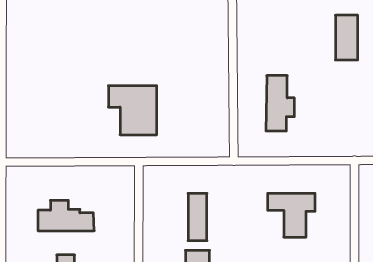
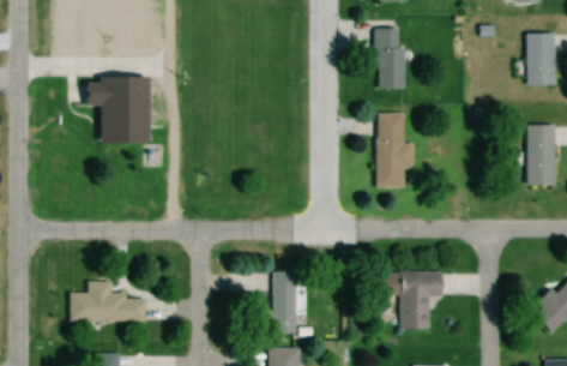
building: [335,15,358,60] -> [375,29,405,89]
building: [108,86,157,135] -> [83,77,147,143]

